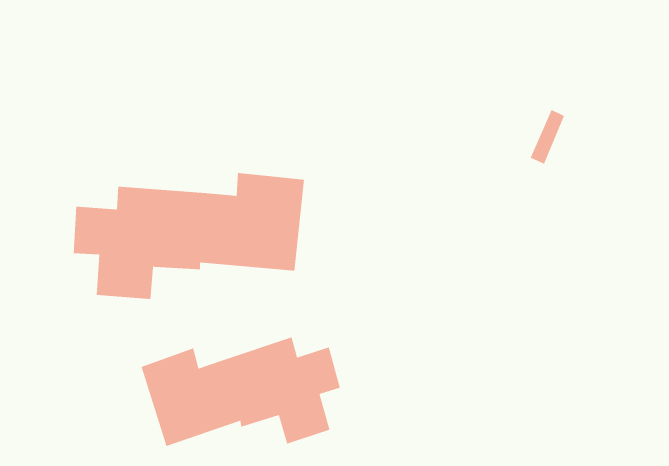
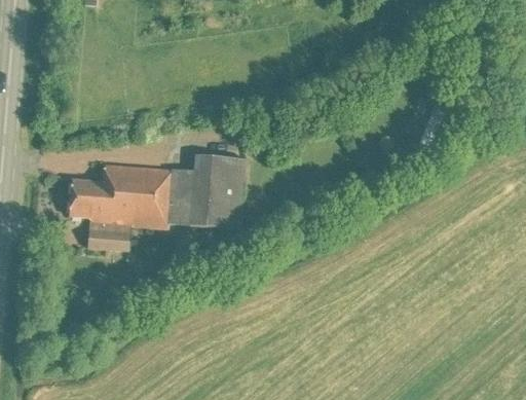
building: [141,337,340,447] -> none

